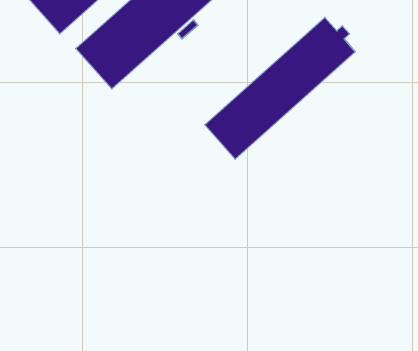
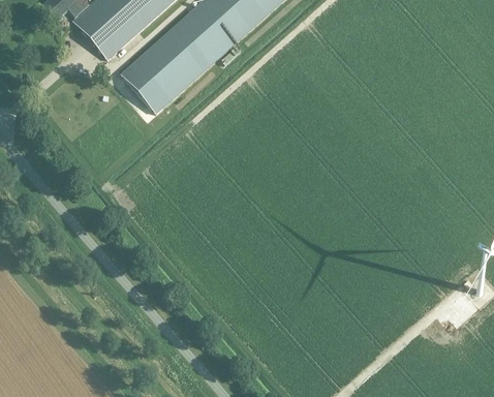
building: [205,18,355,159] -> none

